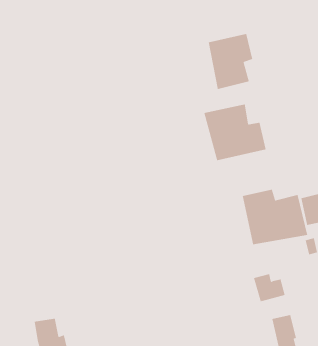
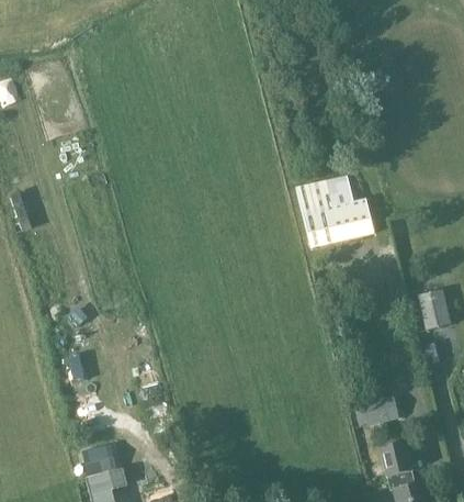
building: [208,33,253,90] -> none
building: [242,189,308,245] -> none

